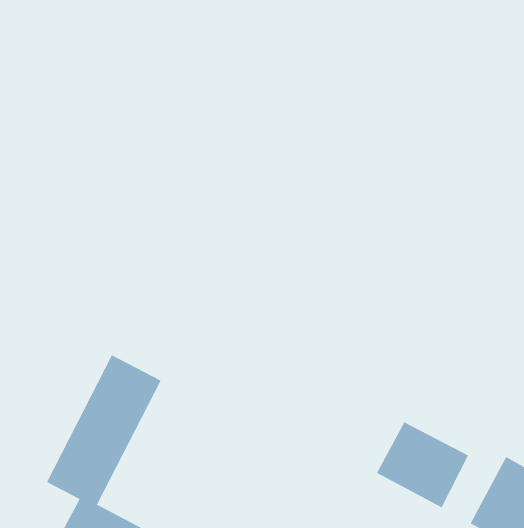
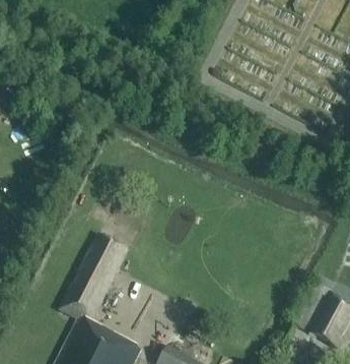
building: [376,421,469,508] -> none

